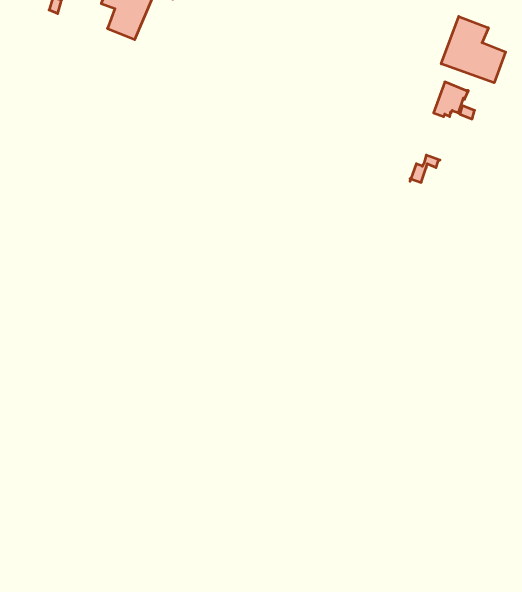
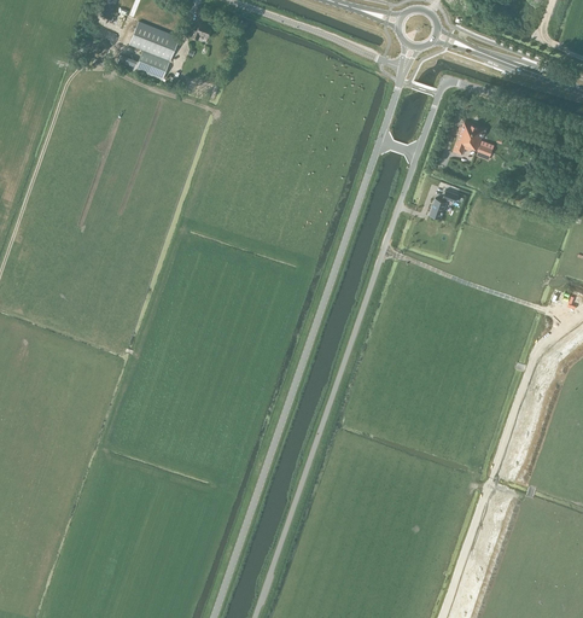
building: [441,16,506,83] -> none

